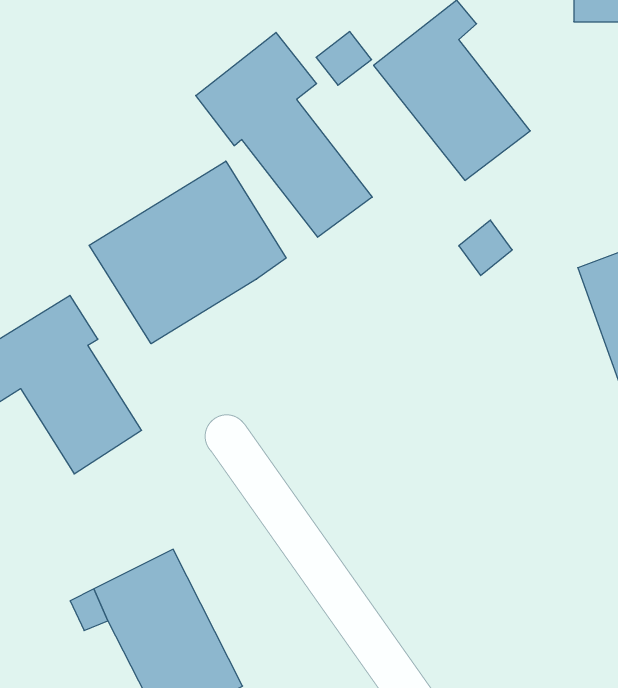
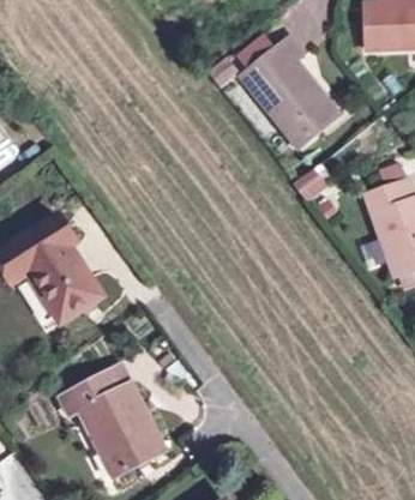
building: [196,32,372,237] -> none
building: [89,161,286,344] -> none

